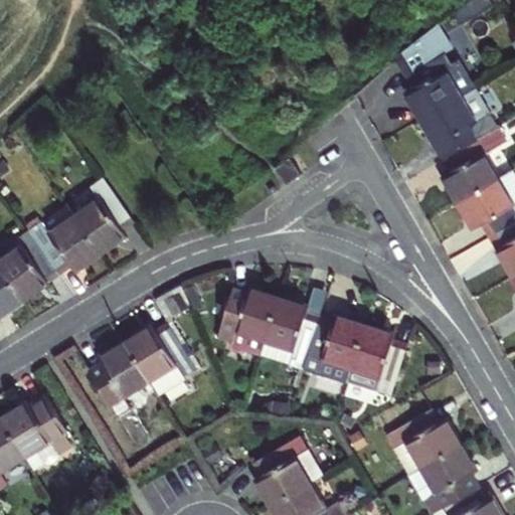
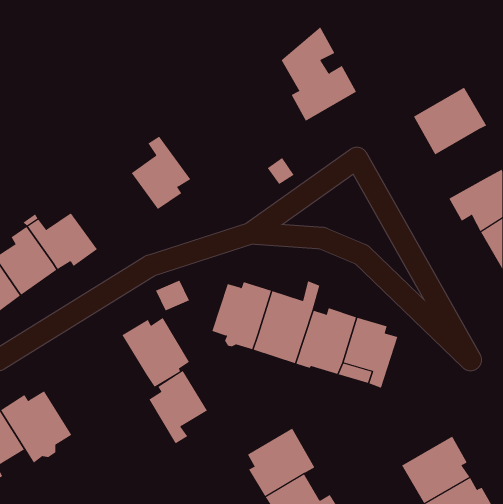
building: [395,23,473,120] -> [281,27,357,121]
building: [443,133,498,203] -> none
building: [72,179,134,254] -> [131,136,191,210]
building: [89,342,149,417] -> [149,370,208,444]
building: [385,408,461,475] -> none

